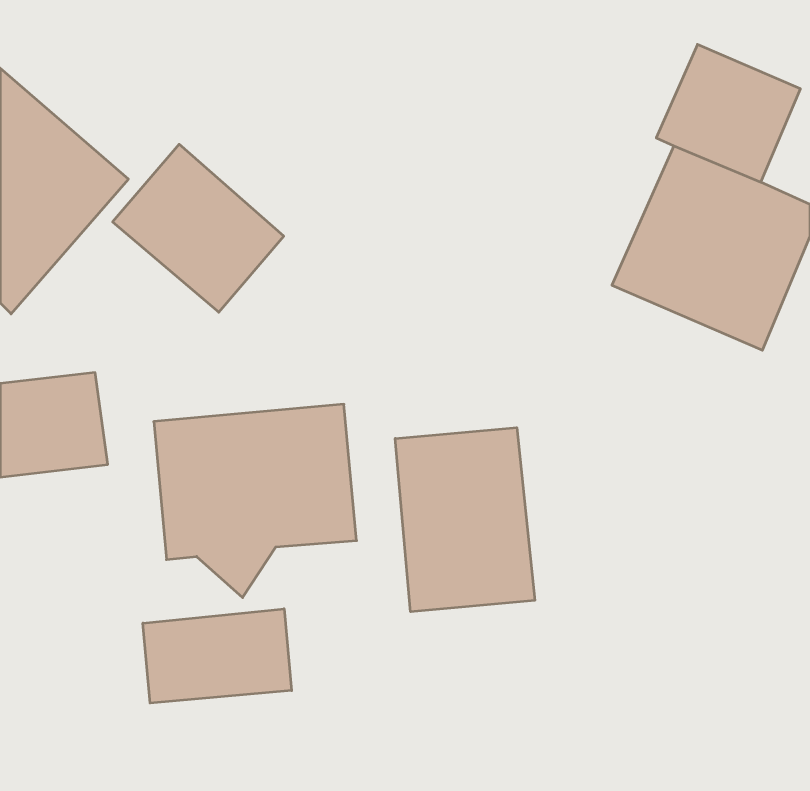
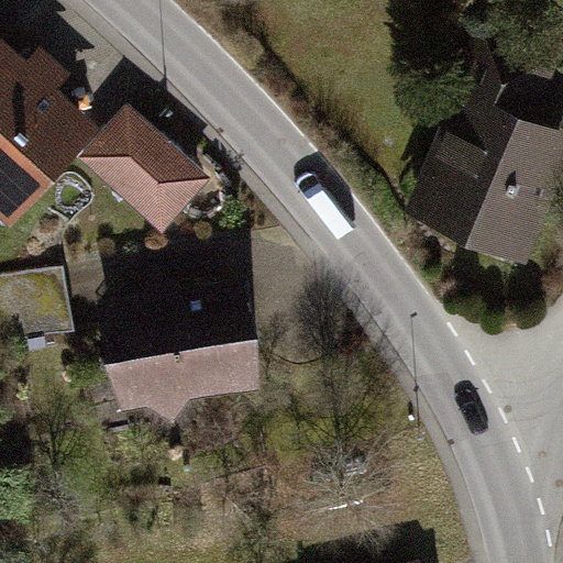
building: [395,428,535,612] -> none
building: [143,609,292,703] -> none

